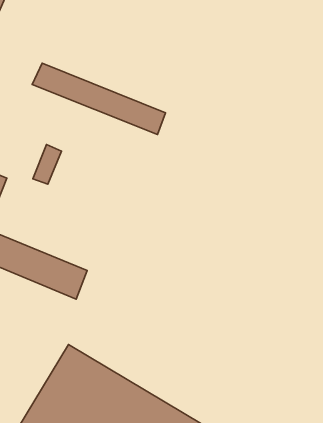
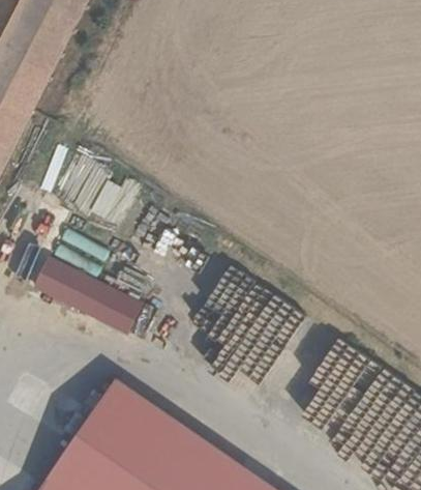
building: [32,63,165,135] -> none

